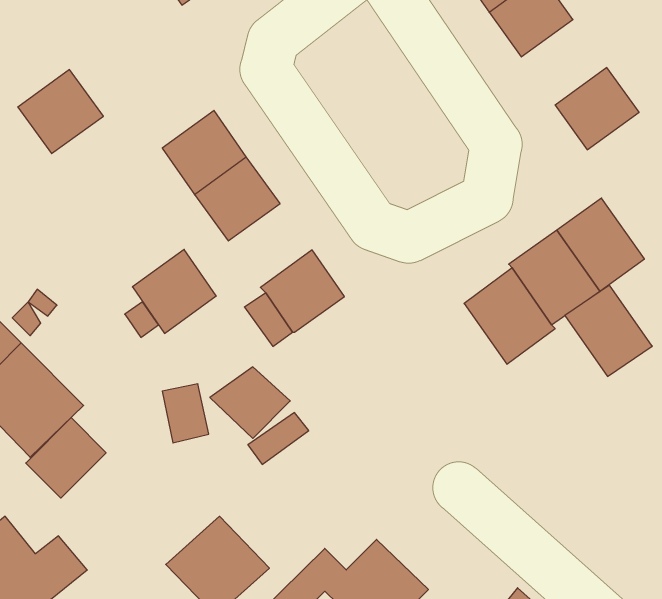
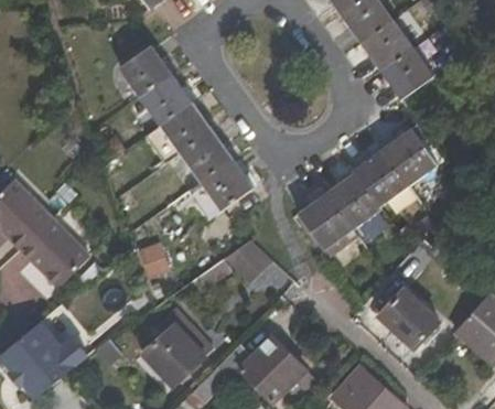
building: none -> [361,18,413,71]
building: [18,70,103,154] -> [118,45,171,97]
building: [132,249,216,333] -> [180,131,232,183]
building: [565,285,652,376] -> [298,193,352,249]
building: [210,367,290,438] -> [223,239,272,283]
building: [26,418,106,498] -> none
building: none -> [379,290,438,347]

